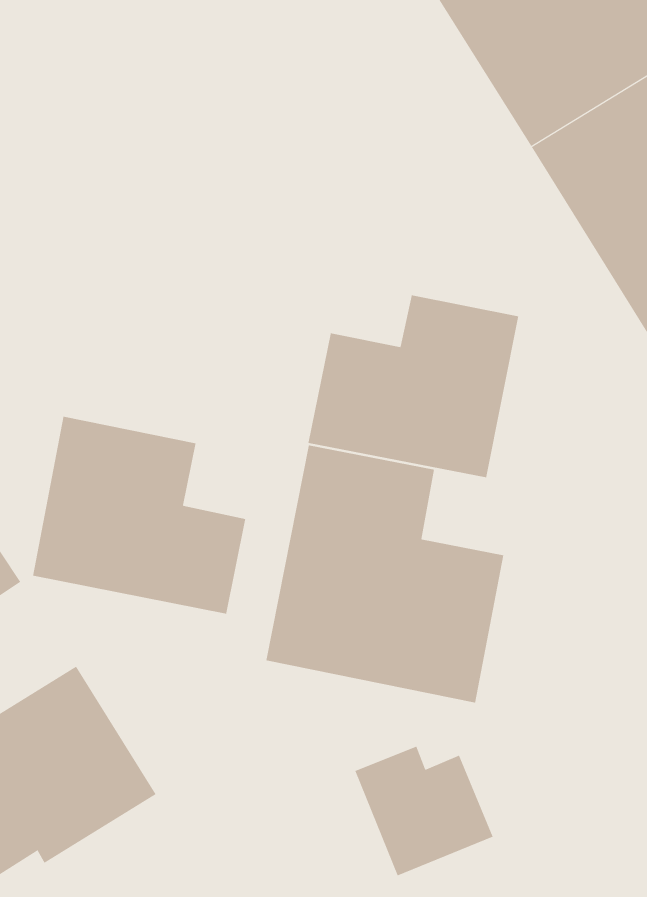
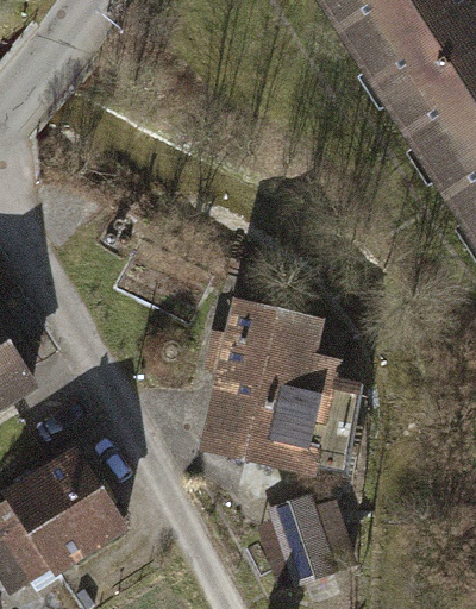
building: [308,294,519,478] -> none
building: [32,416,246,615] -> none

